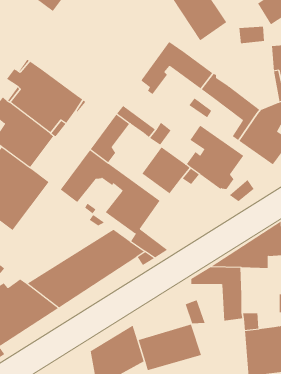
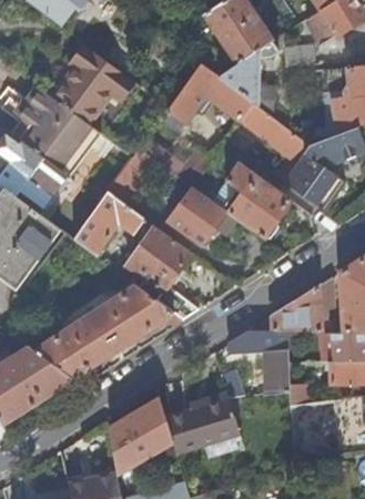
building: none -> [219,42,272,118]
building: none -> [51,44,139,129]

